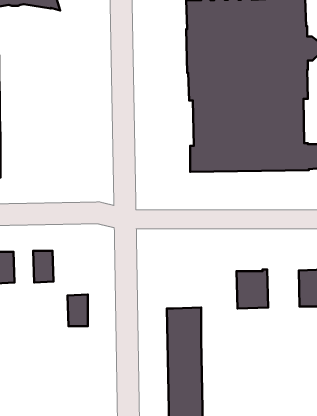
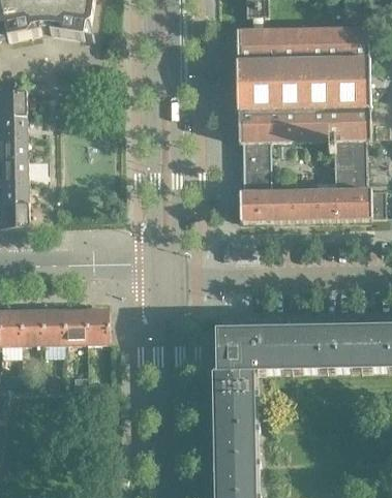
building: none -> [42,307,65,342]
building: none -> [325,328,361,370]
building: none -> [219,330,292,371]
building: [67,295,88,326] -> [86,306,109,341]

